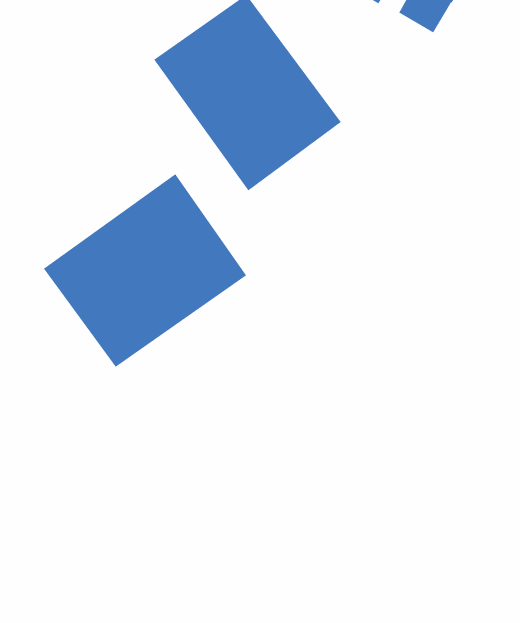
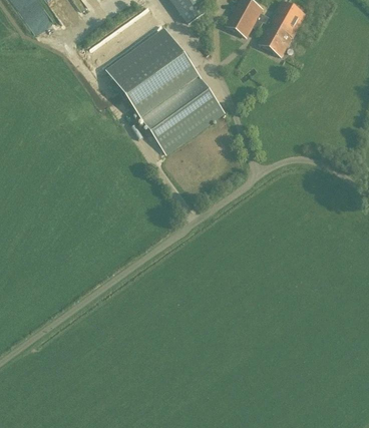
building: [43,173,247,368] -> none

